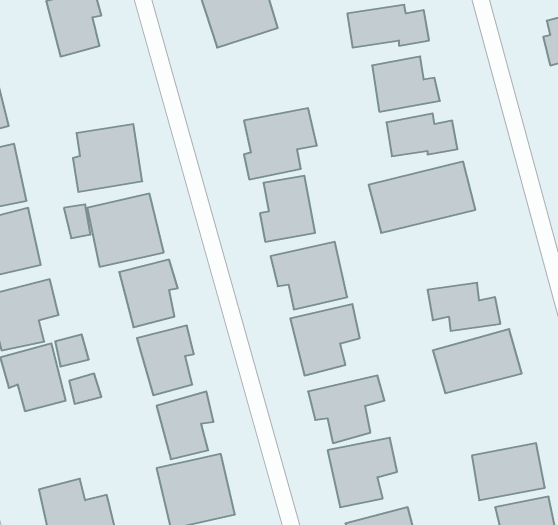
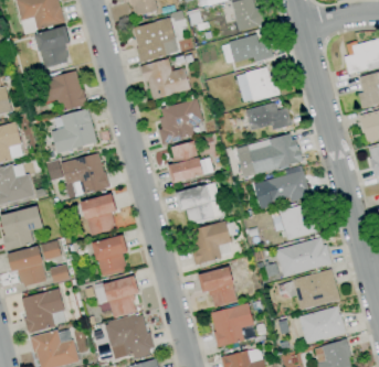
building: none -> [141,58,190,100]
building: none -> [39,72,85,111]
building: none -> [254,165,309,208]
building: none -> [294,271,338,309]
building: none -> [20,289,66,332]

